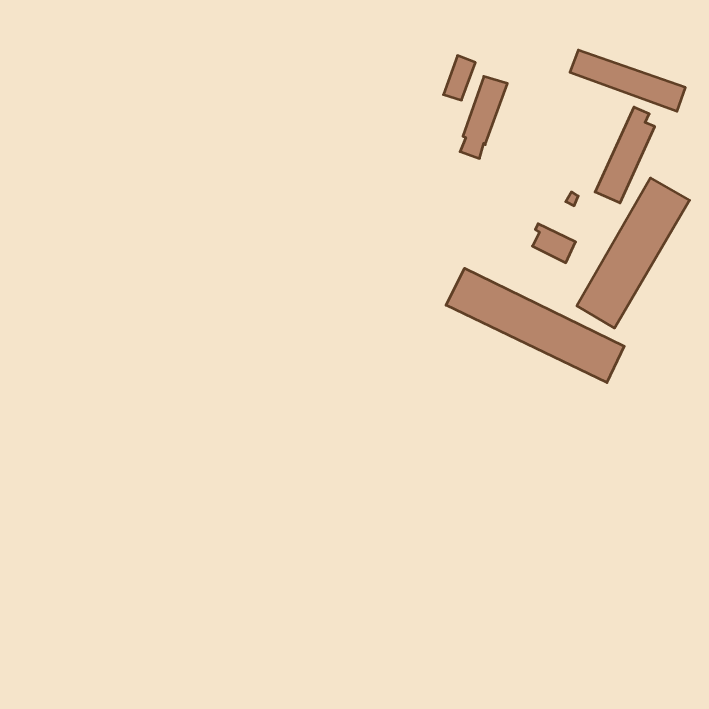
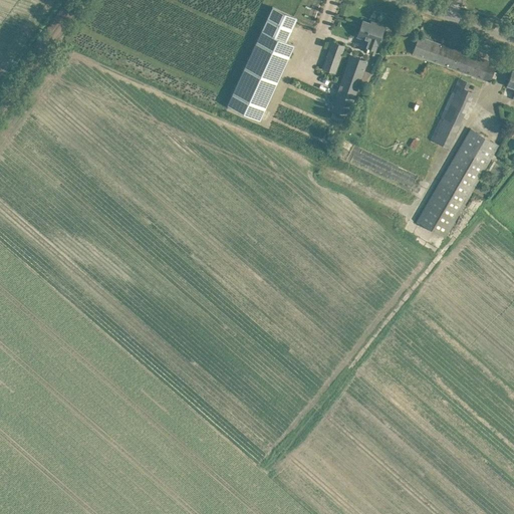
building: none -> [227,7,296,119]
building: none -> [356,21,382,54]
building: [446,268,624,383] -> none

